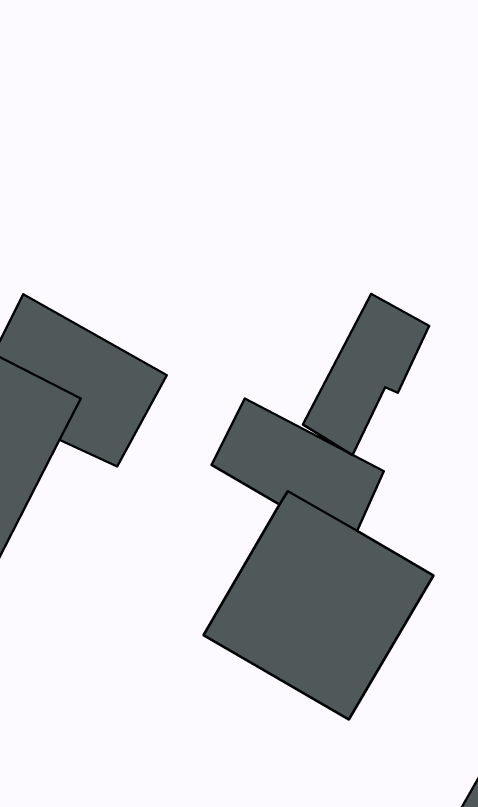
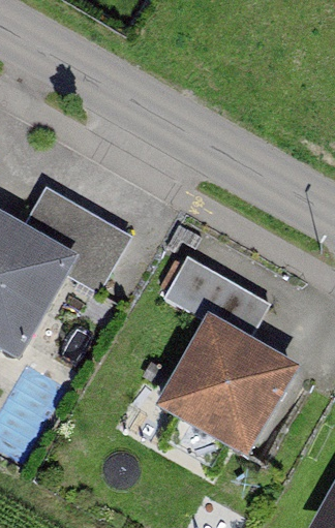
building: [303,294,429,455] -> none

